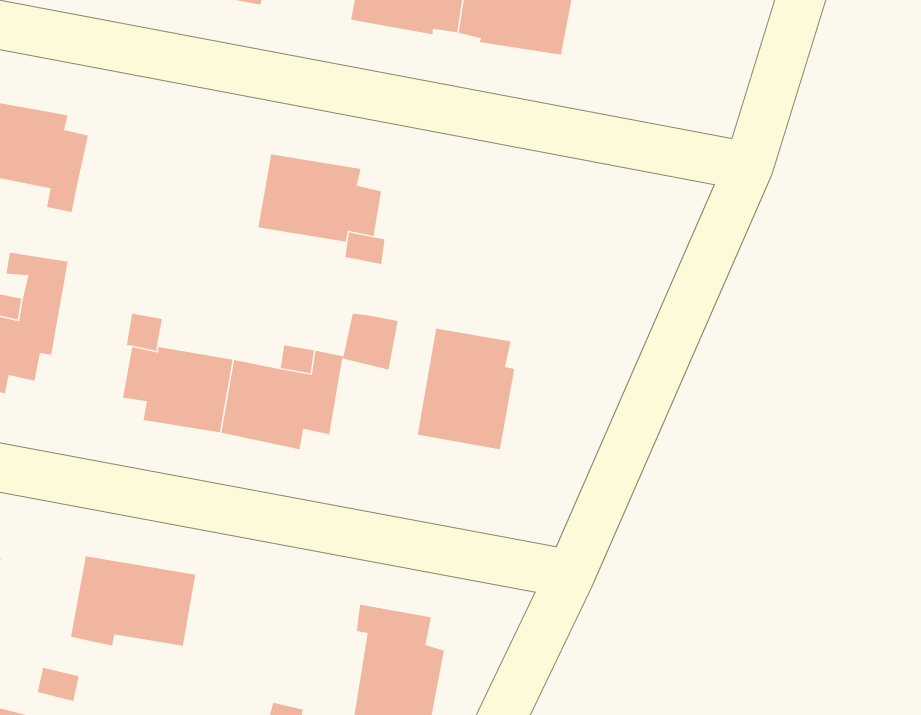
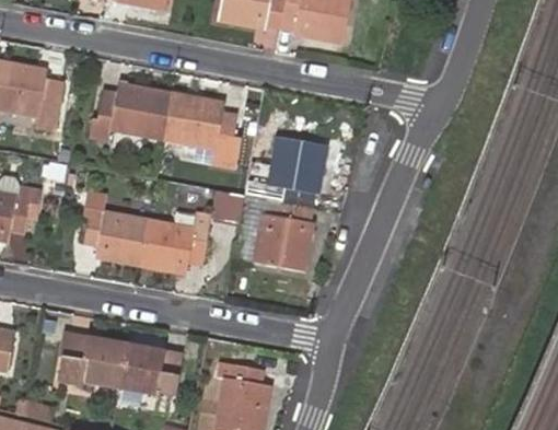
building: none -> [86,88,170,144]
building: none -> [245,136,328,207]
building: none -> [118,345,178,394]

